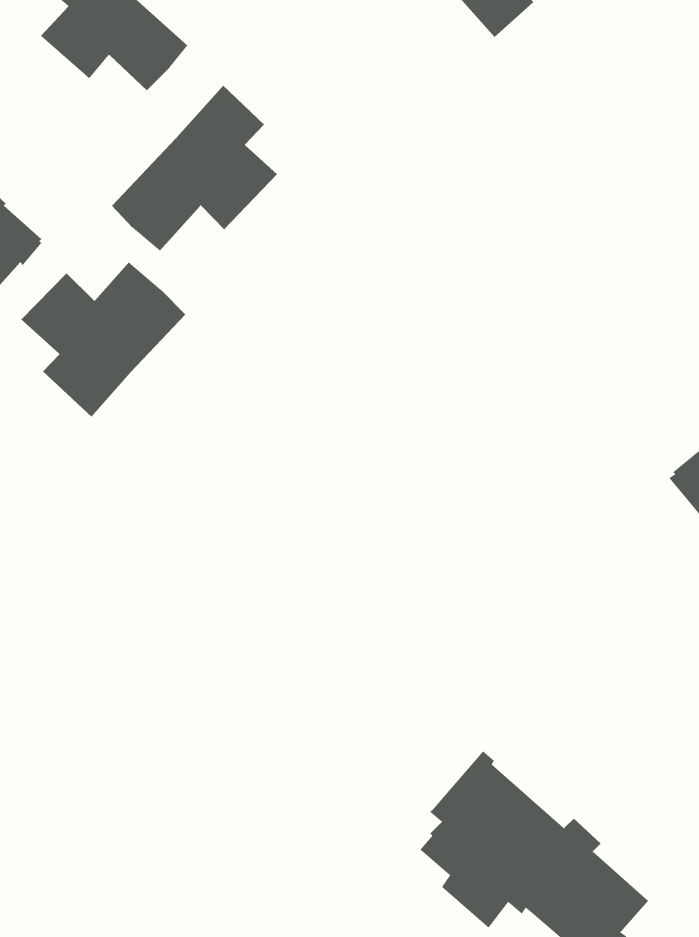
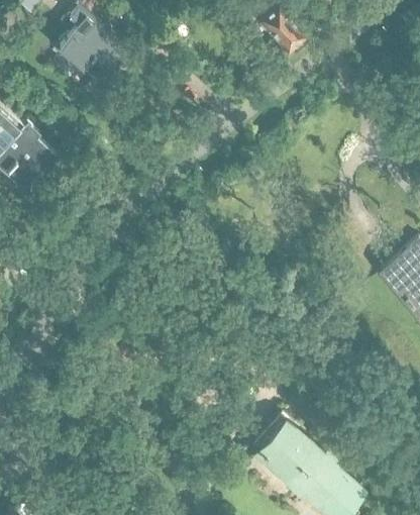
building: [111,85,278,251] -> none
building: [21,261,186,418] -> none

